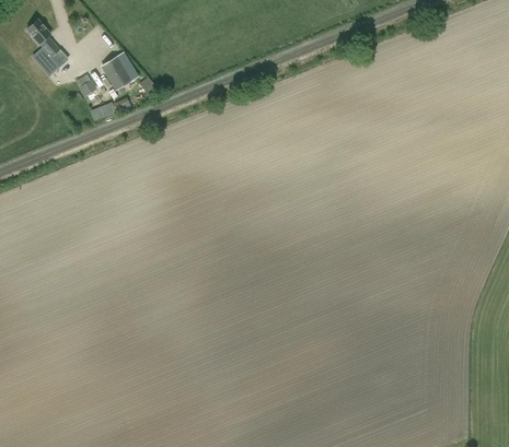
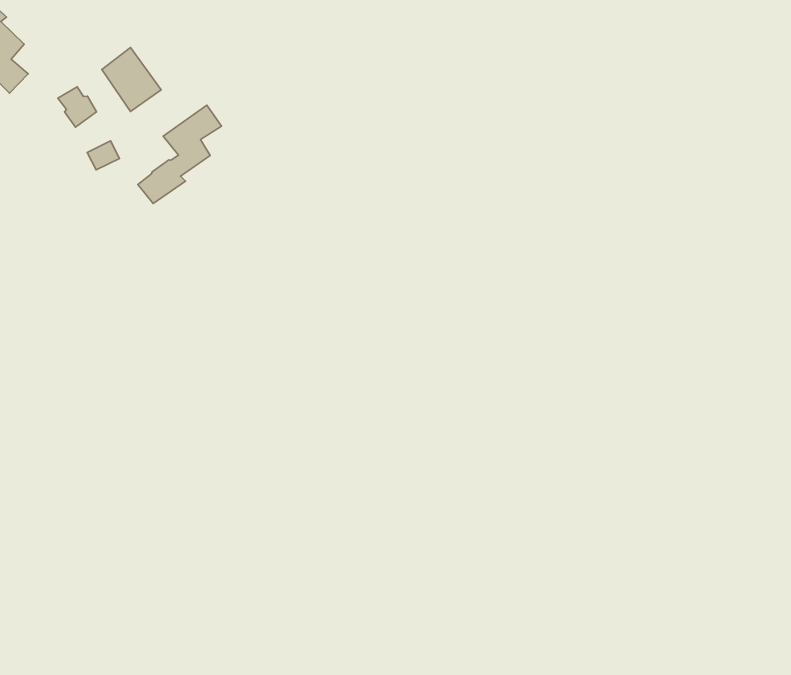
building: none -> [138,105,221,203]

